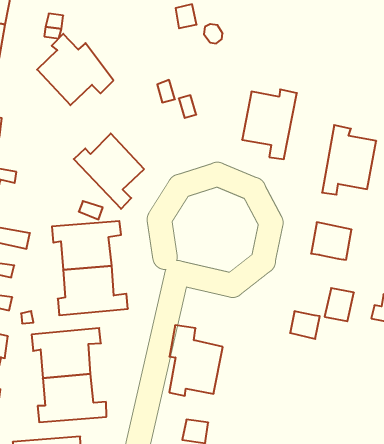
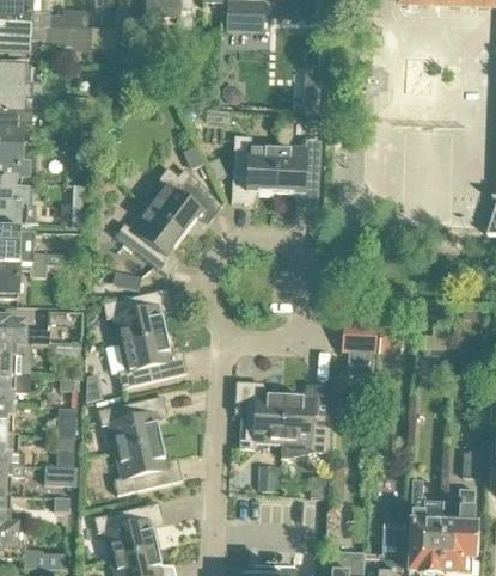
building: [37,34,113,105] -> [146,166,221,234]
building: [322,125,376,195] -> [231,135,276,202]
building: [311,222,352,260] -> [341,320,376,353]
building: none -> [281,385,332,452]

